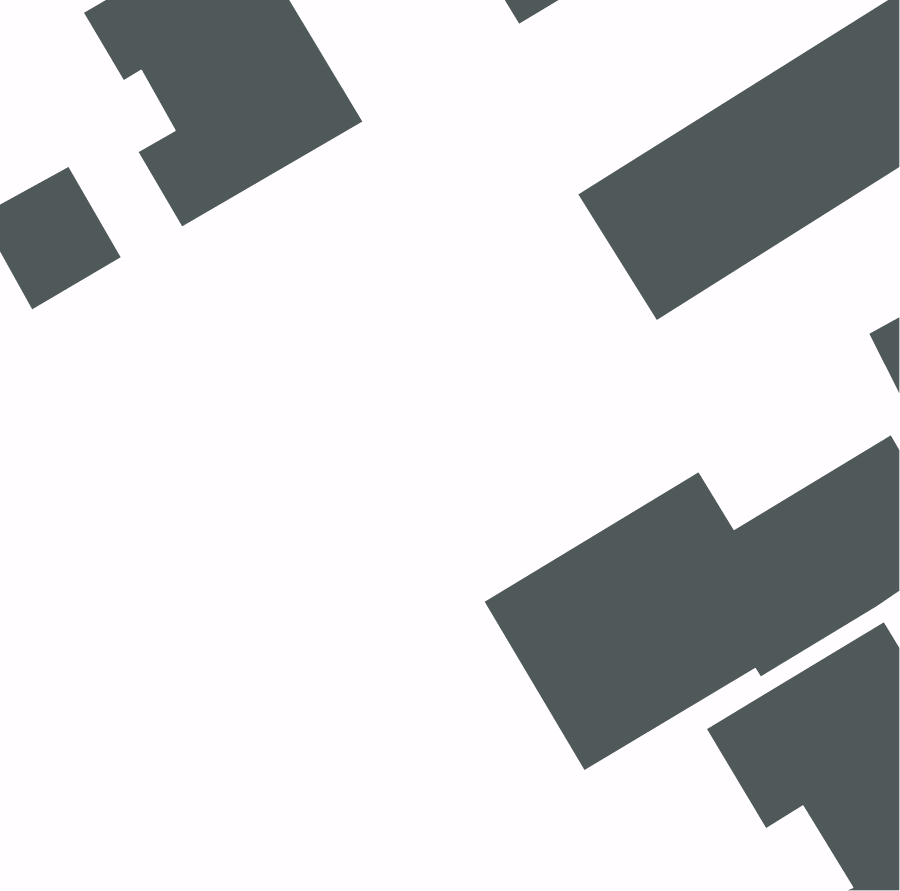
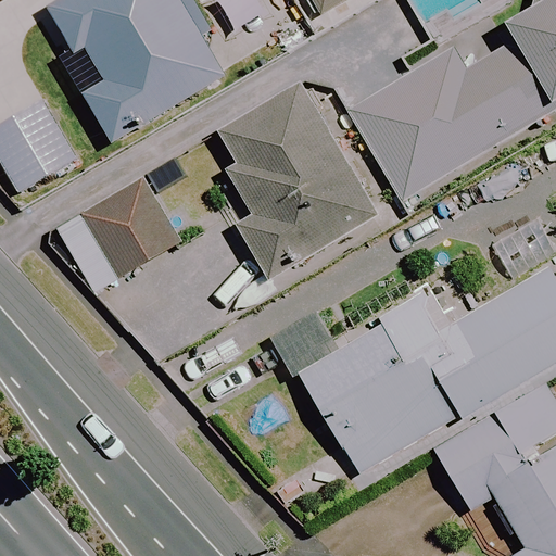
building: none -> [211,86,379,280]
building: none -> [58,179,179,291]

